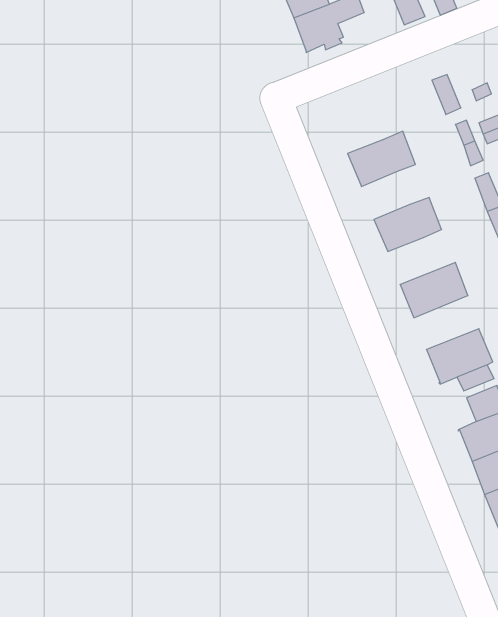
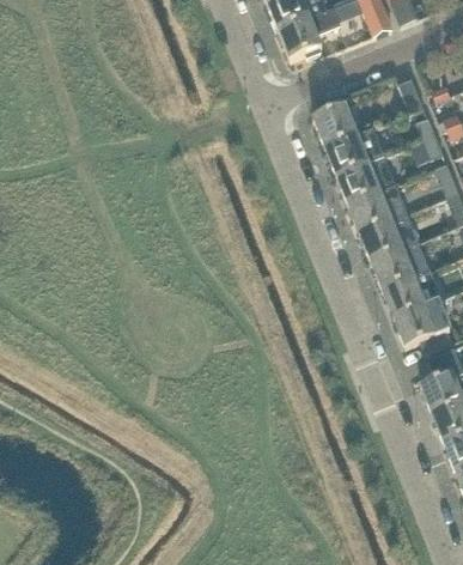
building: none -> [313,105,357,147]
building: none -> [337,157,396,205]
building: none -> [360,213,419,261]
building: none -> [383,271,441,317]

